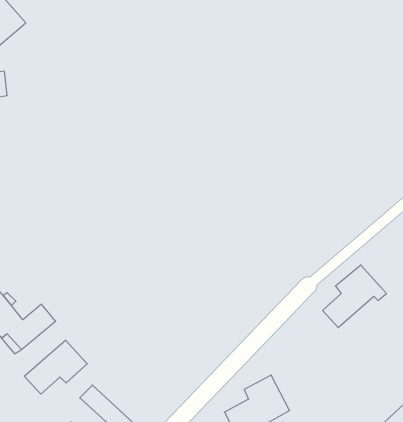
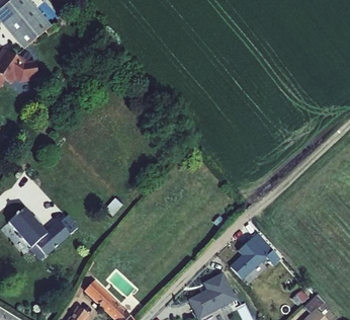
building: [323,265,386,328] -> [229,237,274,282]
building: [24,340,87,394] -> none

